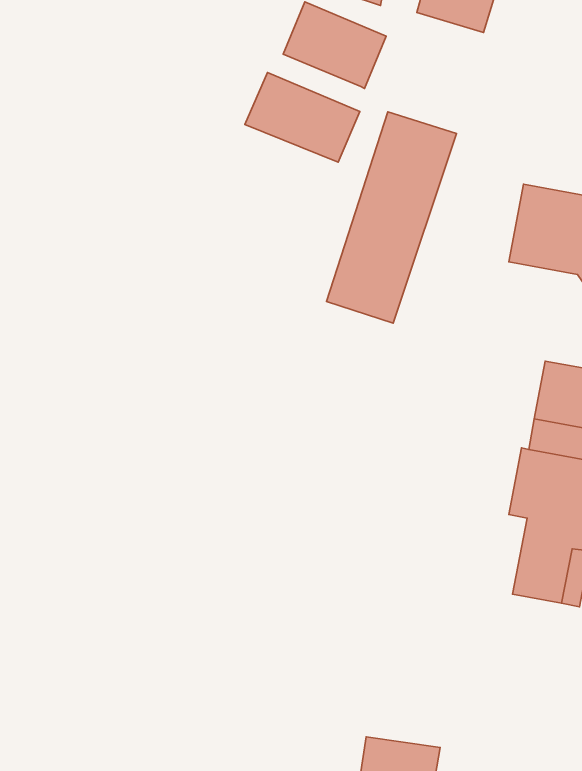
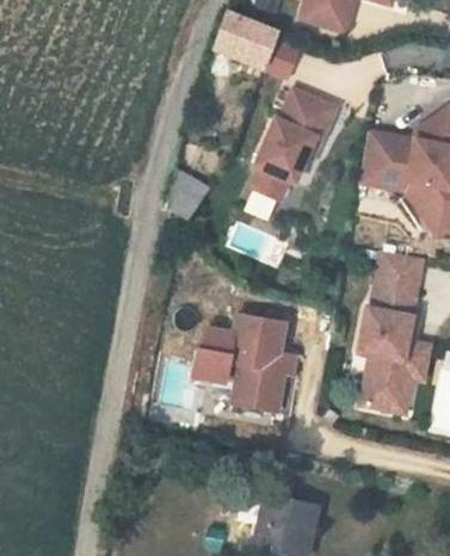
building: [245,72,360,162] -> none
building: none -> [167,169,208,221]
building: none -> [190,311,294,414]

